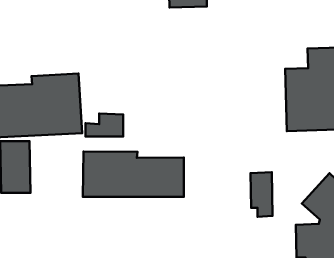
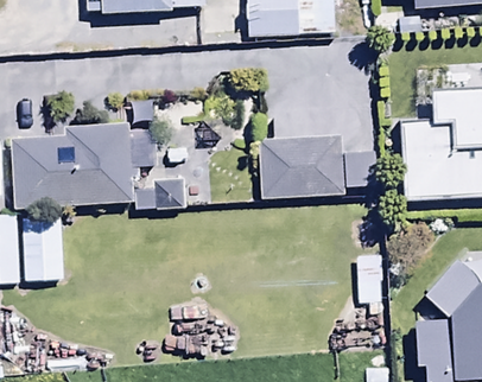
building: none -> [252,133,378,200]
building: [83,152,184,197] -> none

